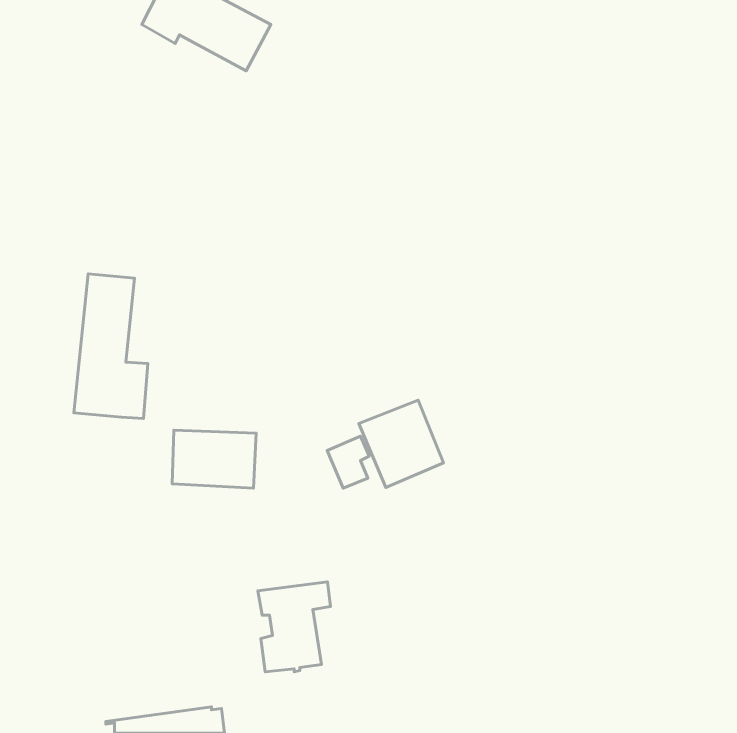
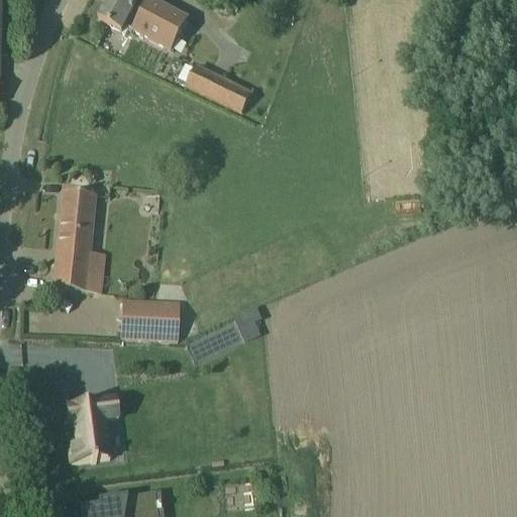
building: none -> [187,63,255,112]
building: [359,400,444,487] -> none
building: [258,582,330,672] -> [71,399,121,461]

